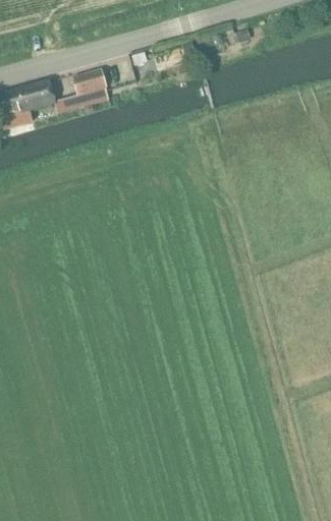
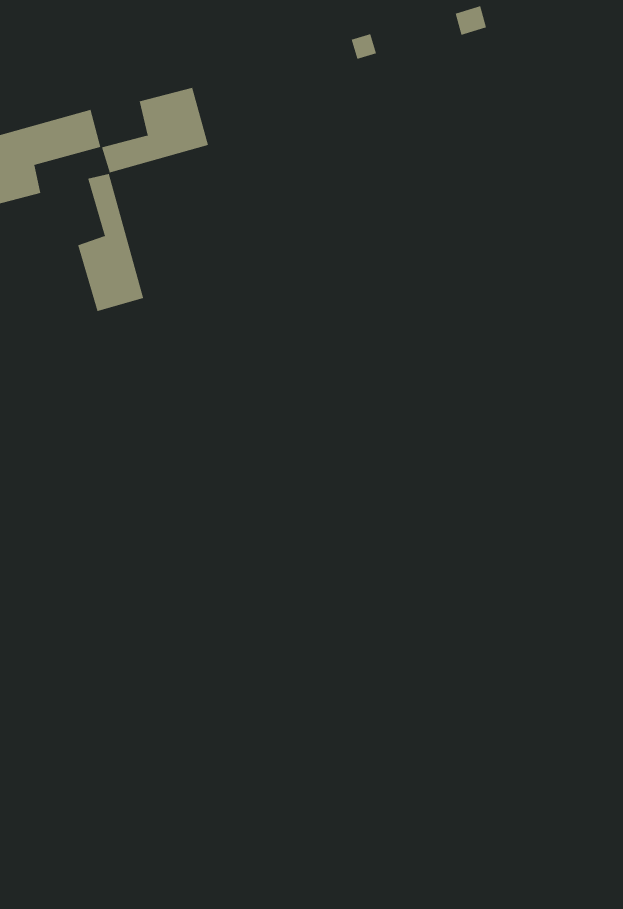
building: none -> [78,173,144,312]

